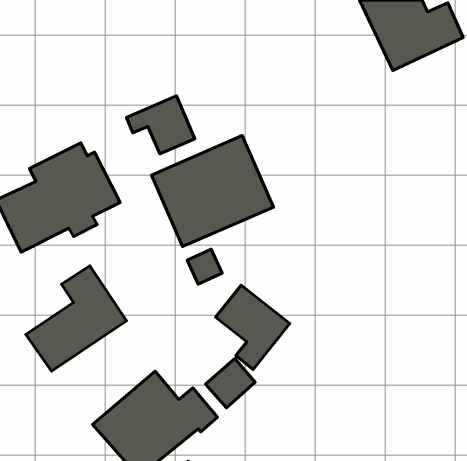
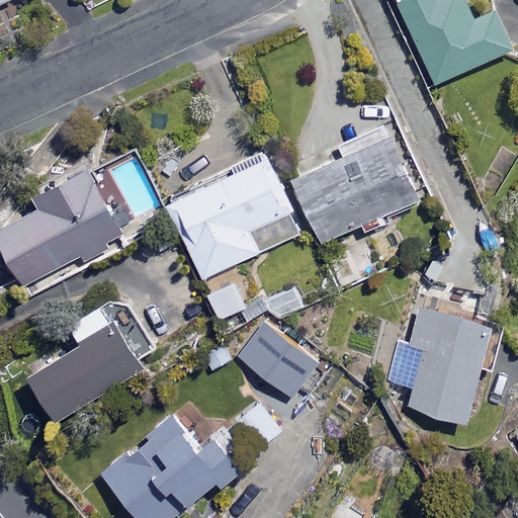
building: [126,96,195,154] -> none
building: none -> [290,135,419,244]
building: none -> [407,309,489,422]

